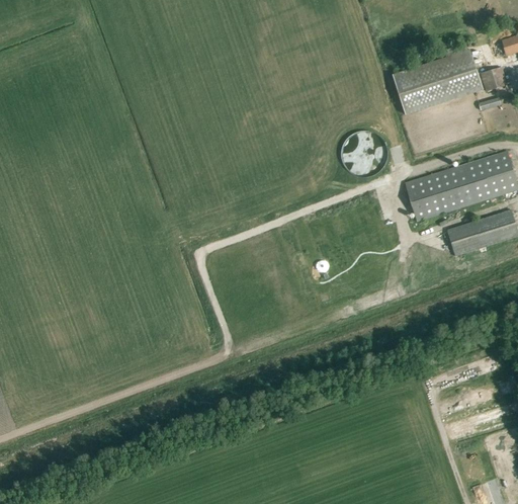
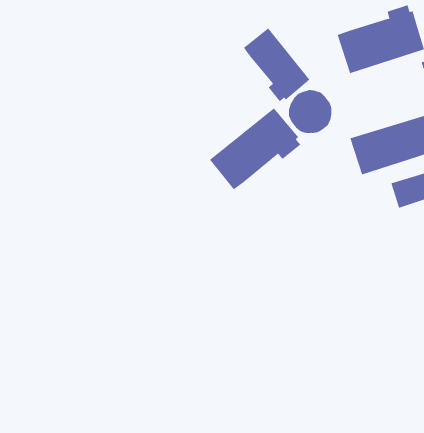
building: none -> [243,27,310,102]
building: none -> [209,108,301,190]

